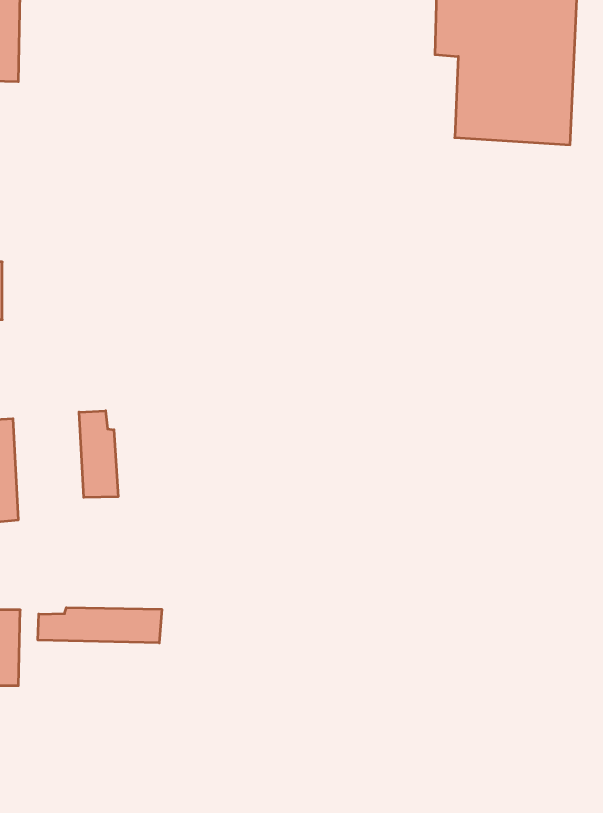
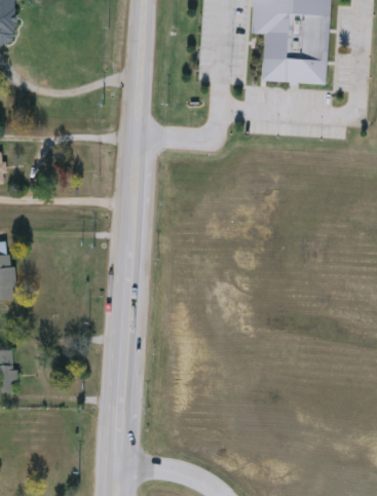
building: [79,411,118,497] -> none
building: [38,608,162,643] -> none

